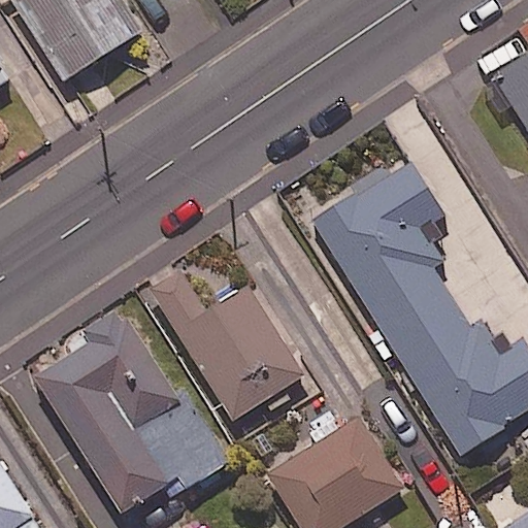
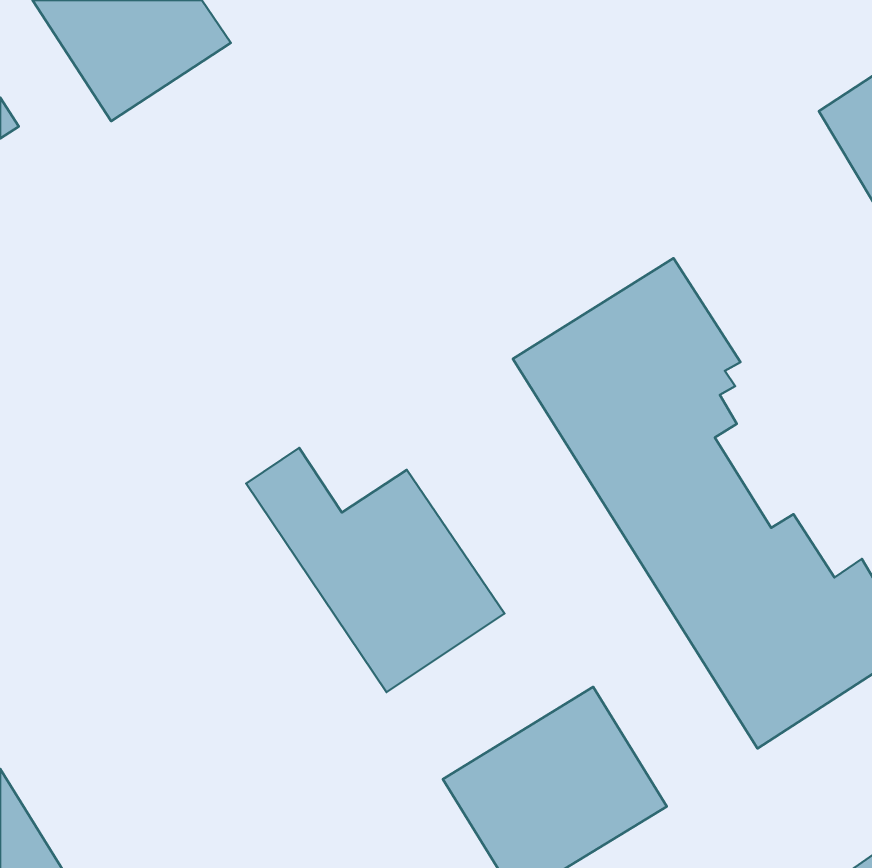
building: [33,317,228,515] -> none

